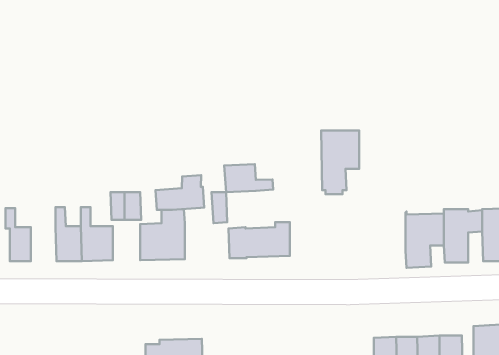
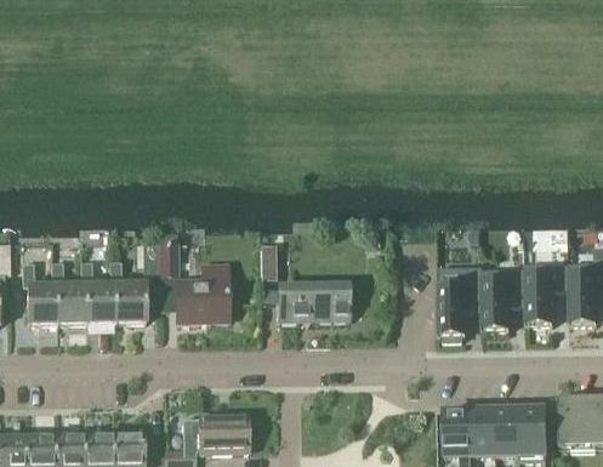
building: [321,131,359,194] -> [437,267,480,340]
building: [224,164,273,192] -> none
building: [155,175,204,210] -> none
building: none -> [52,262,81,323]

